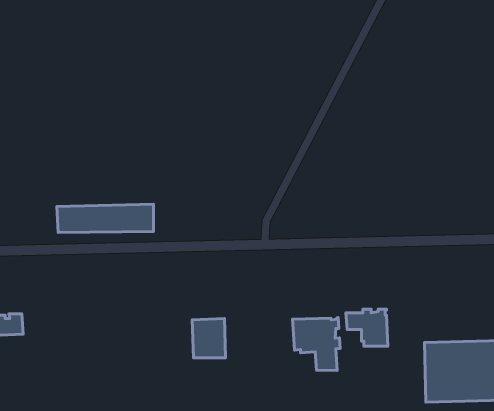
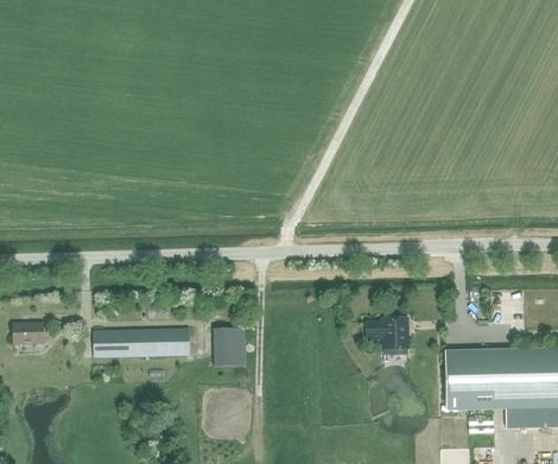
building: [57,204,153,233] -> [93,328,189,356]
building: [293,318,340,370] -> none

